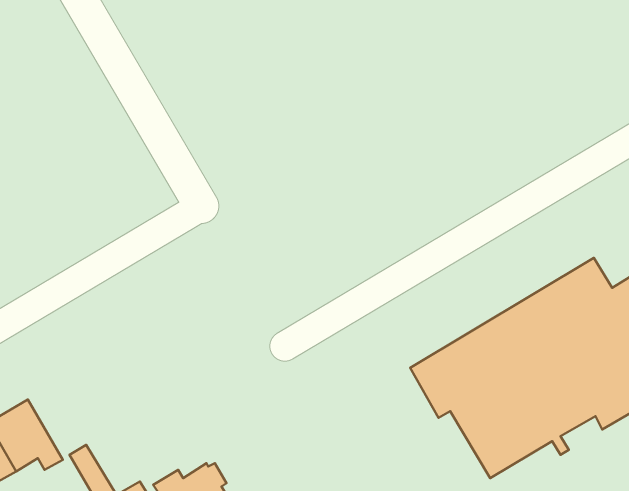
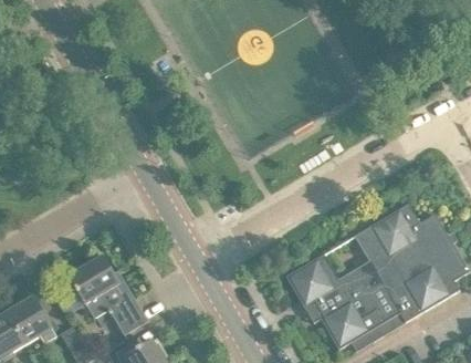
building: none -> [67,257,147,335]

